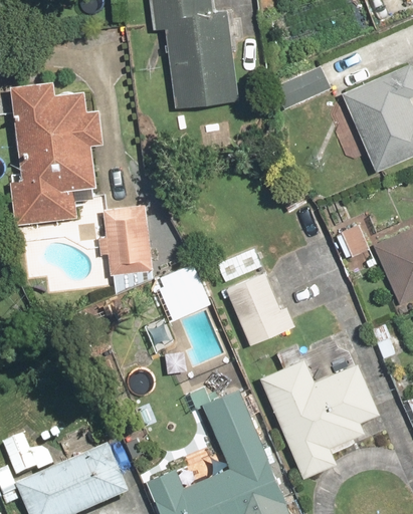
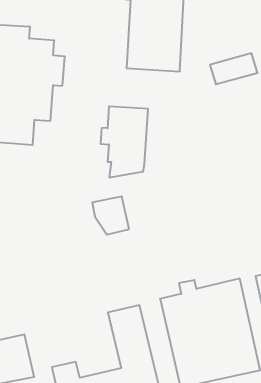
building: [95,204,154,293] -> [101,106,148,177]
building: [227,274,294,347] -> none

